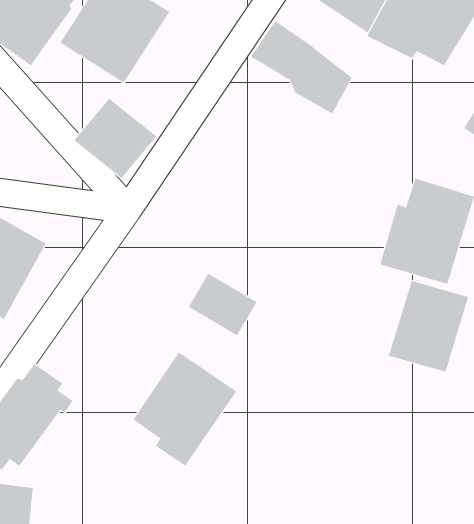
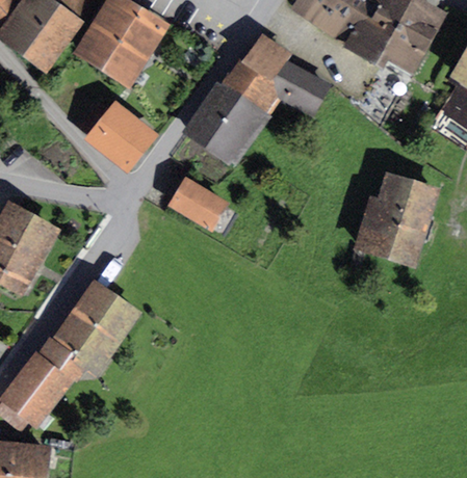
building: none -> [182,61,282,165]
building: [188,273,257,336] -> [168,176,230,232]
building: [388,280,469,373] -> none
building: [133,351,237,467] -> [51,276,144,378]

